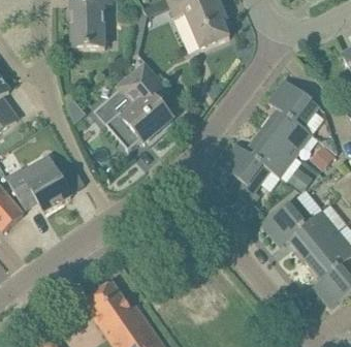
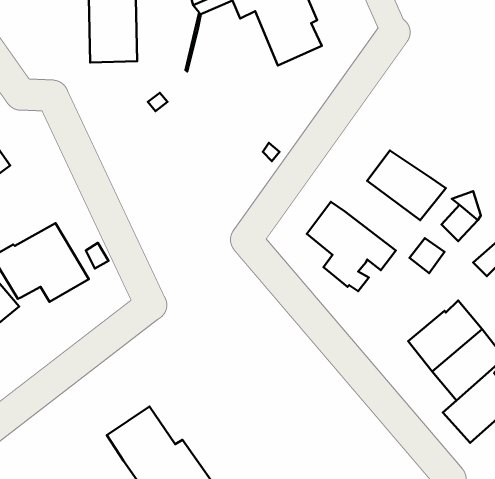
building: [106,61,172,150] -> none
building: [267,78,324,132] -> none
building: [246,128,297,177] -> none
building: [262,196,314,246] -> none

